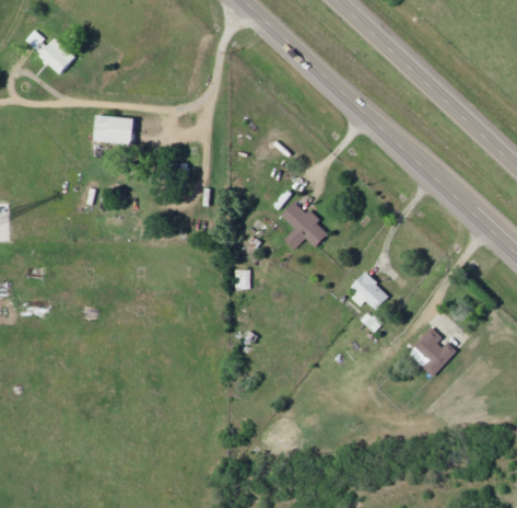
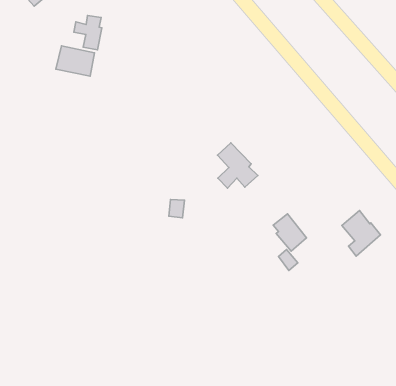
building: none -> [74,16,102,50]
building: [412,327,456,378] -> [342,211,381,256]

